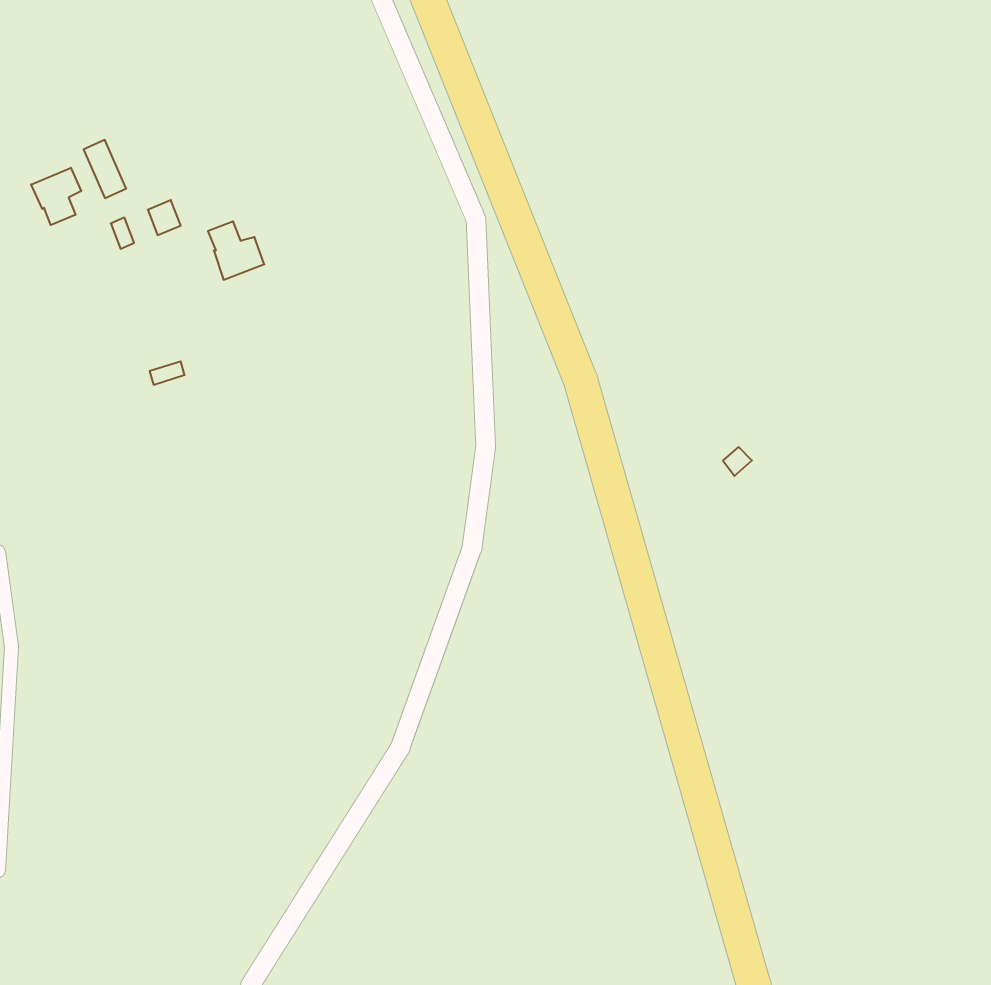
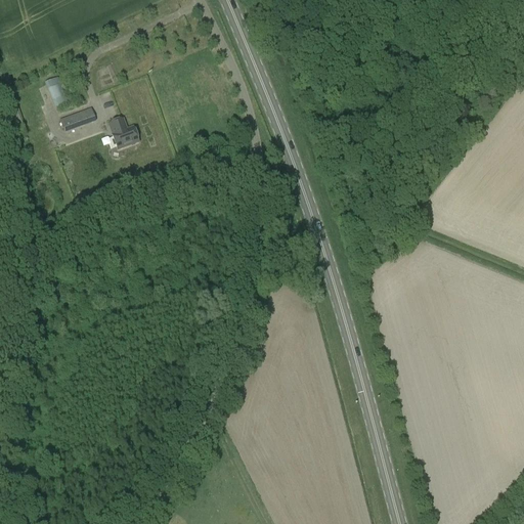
building: [31,168,81,225] -> none

